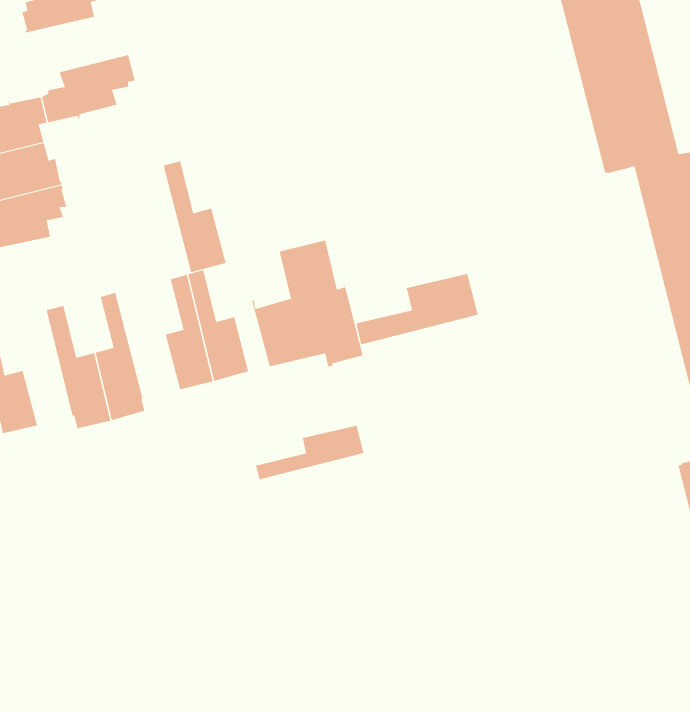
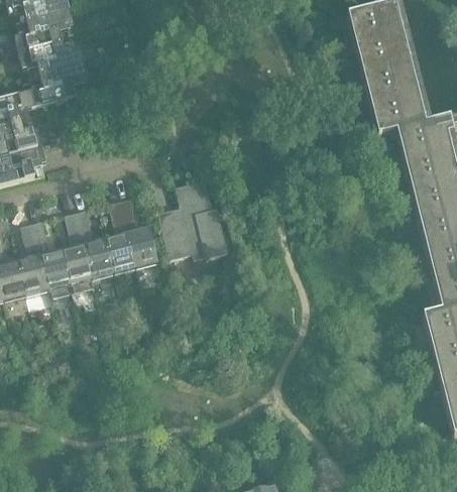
building: none -> [20,40,85,77]
building: [163,161,226,273] -> [77,208,116,277]
building: [356,273,478,345] -> none
building: none -> [19,222,49,293]
building: [256,425,364,480] -> none

